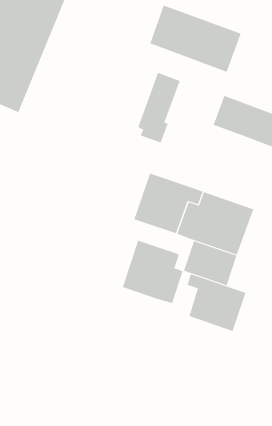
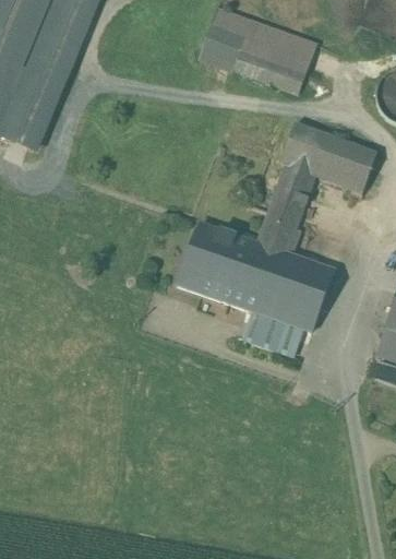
building: [137,72,180,143] -> [260,164,315,255]
building: [122,240,183,304] -> none
building: [187,274,246,332] -> none

